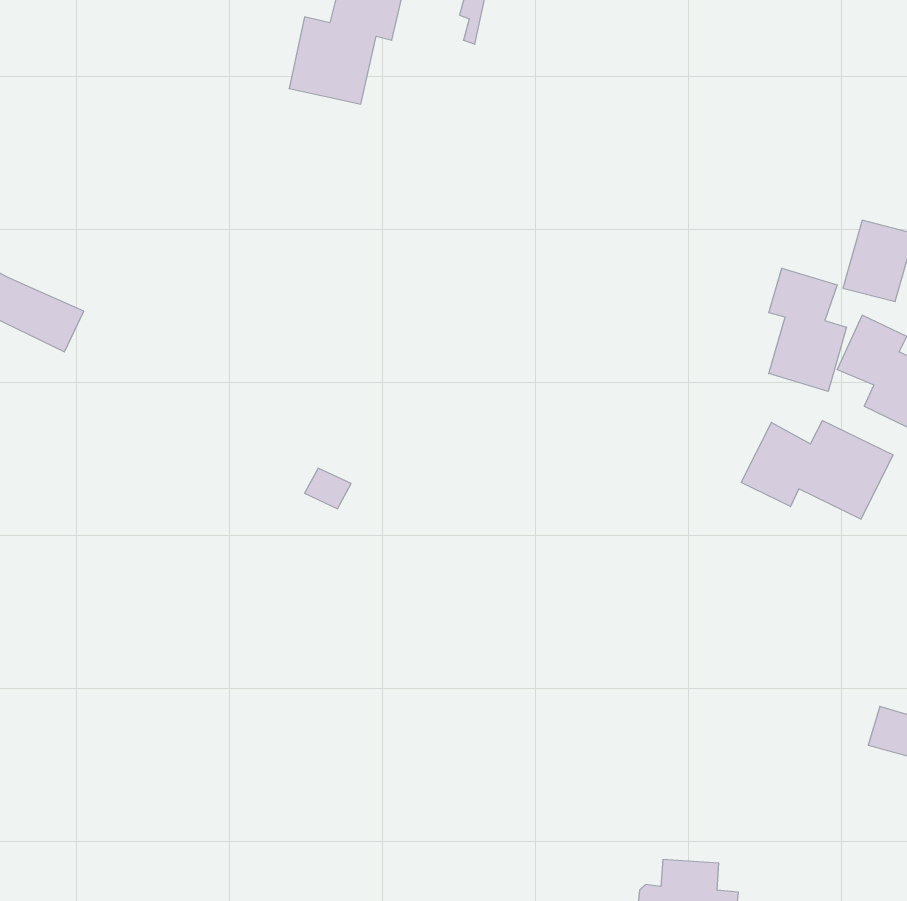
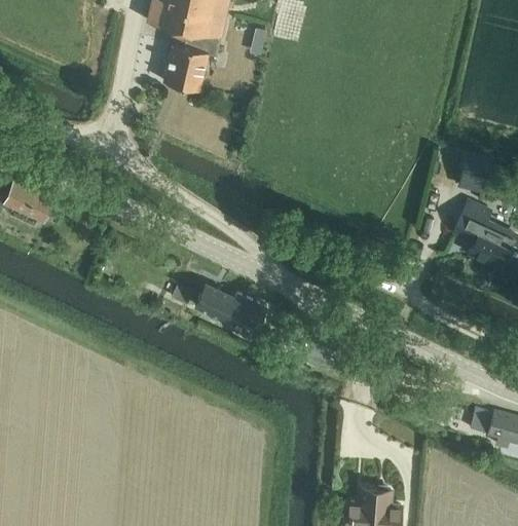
building: [769,268,846,391] -> none
building: [741,421,893,519] -> none
building: none -> [193,284,267,329]

